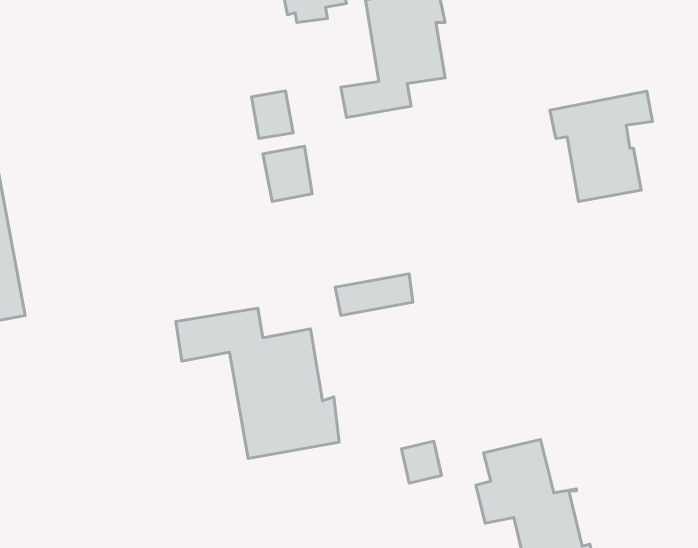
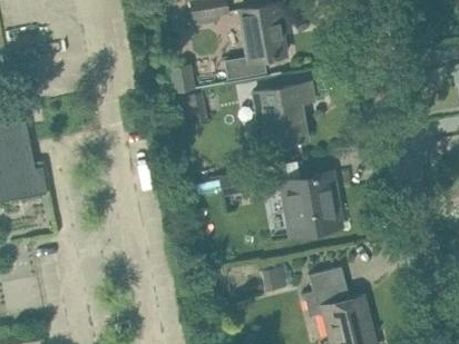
building: [550,91,653,201] -> [255,82,315,147]
building: none -> [282,171,339,236]
building: [176,308,339,458] -> none

